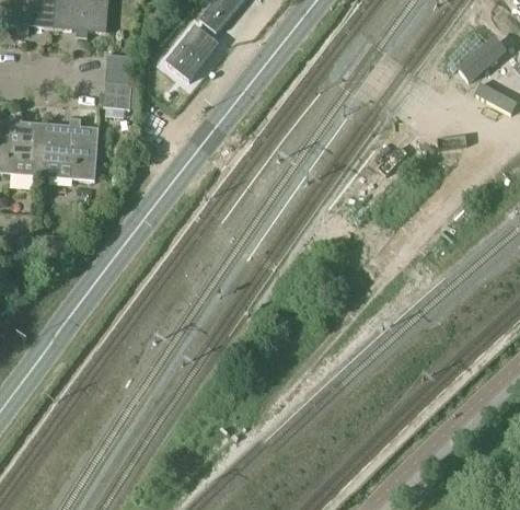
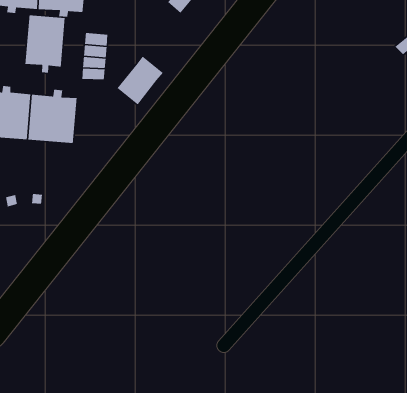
building: [164,24,218,81] -> [117,56,164,106]
building: none -> [25,14,66,73]

